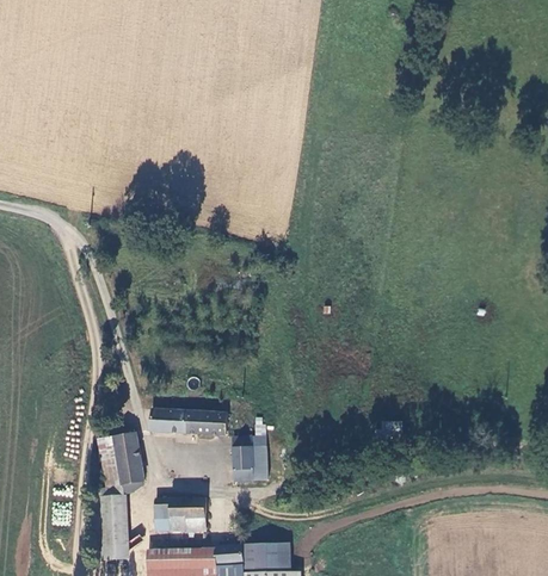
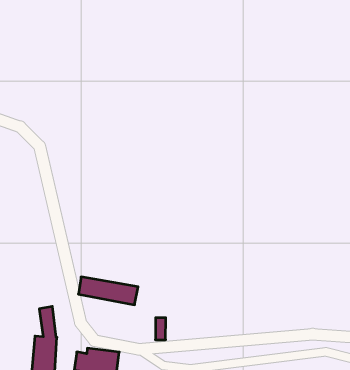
building: [112,417,144,489] -> none
building: [232,435,255,482] -> none

